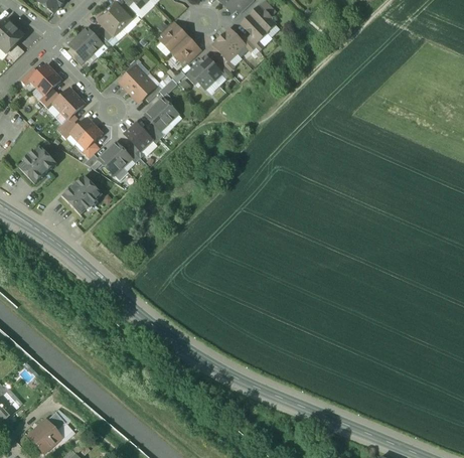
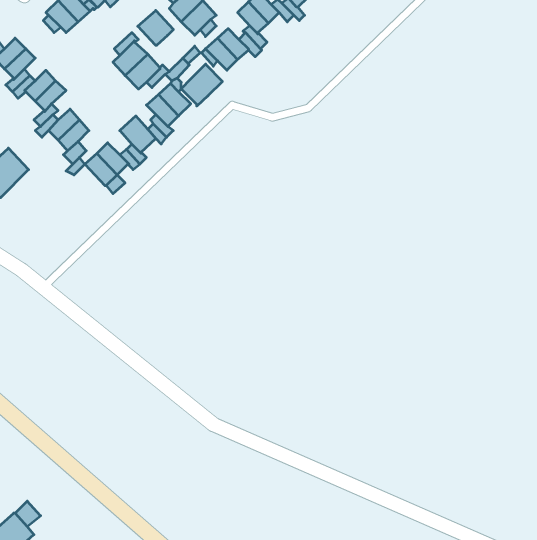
building: none -> [138,10,173,45]
building: none -> [181,64,222,106]
building: [62,175,103,214] -> none

